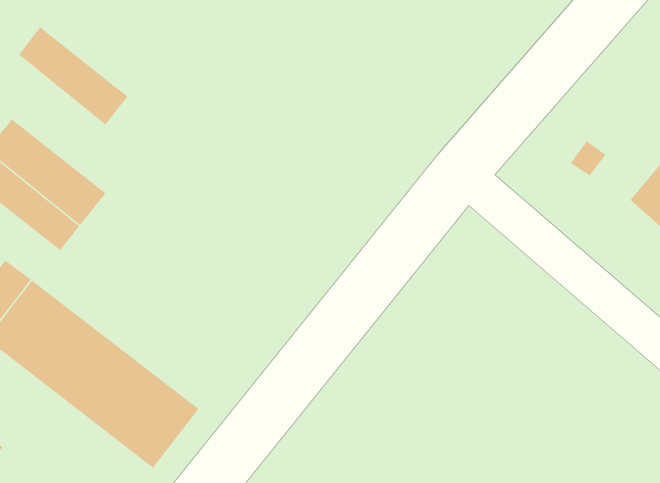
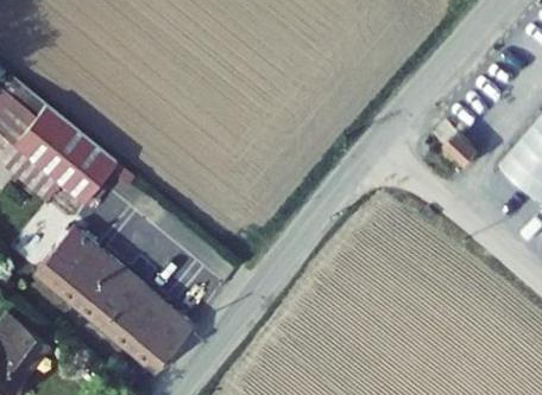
building: [18,26,128,125] -> none

